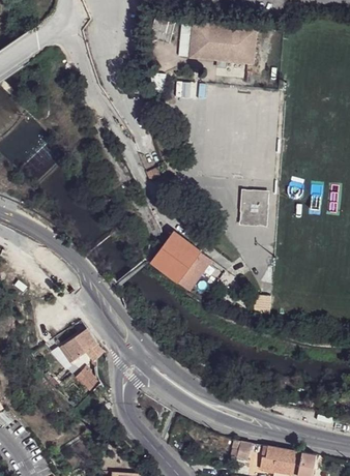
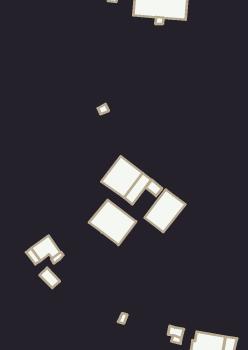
building: [239,190,267,226] -> none
building: none -> [145,190,185,232]
building: none -> [89,200,136,245]

